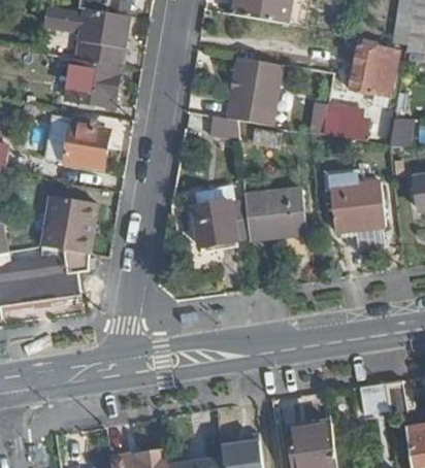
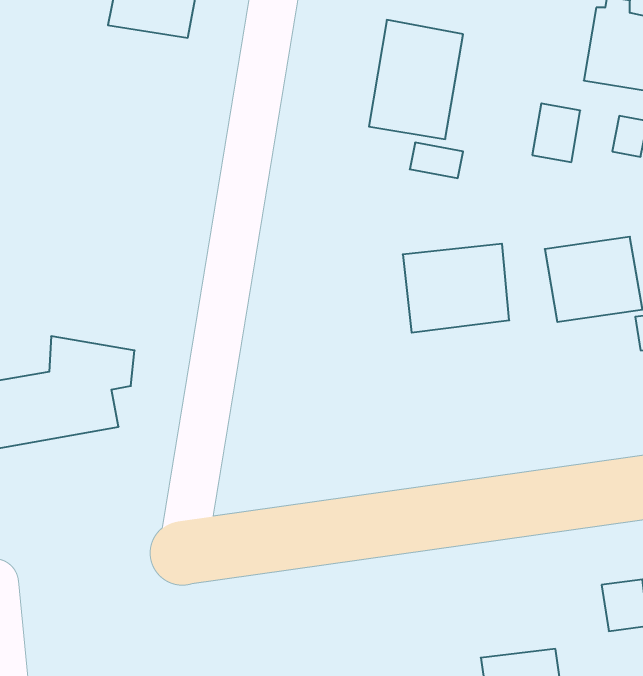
building: [65,59,120,106] -> none
building: [63,115,106,168] -> none
building: [40,190,96,247] -> none
building: [192,200,238,246] -> none

